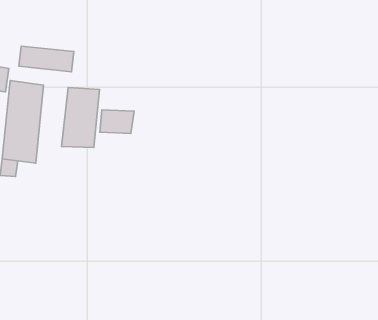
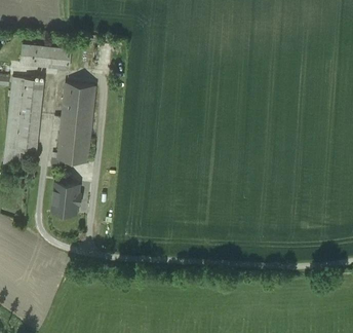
building: [100,110,134,133] -> [57,138,89,159]
building: none -> [52,183,81,214]

